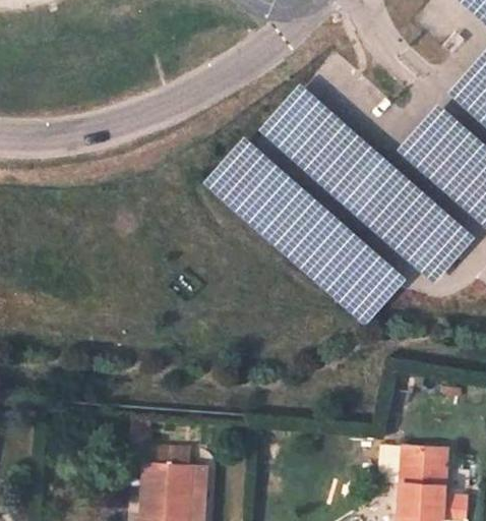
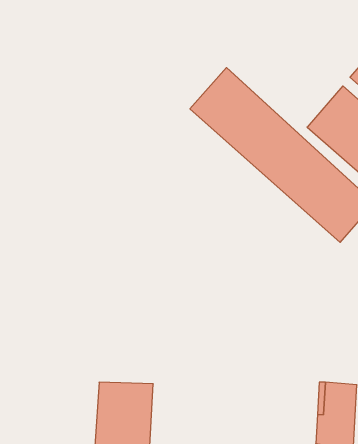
building: [201,136,406,328] -> none

